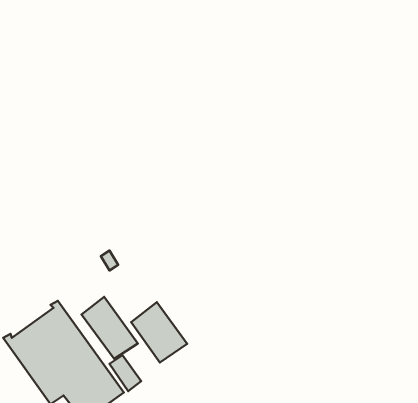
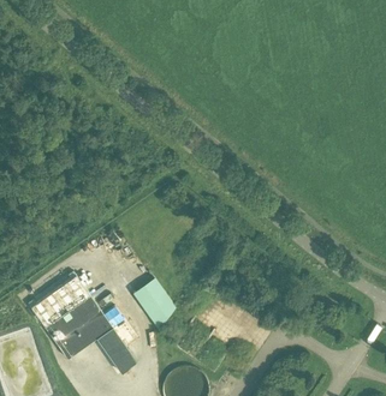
building: [82,297,138,359] -> none

